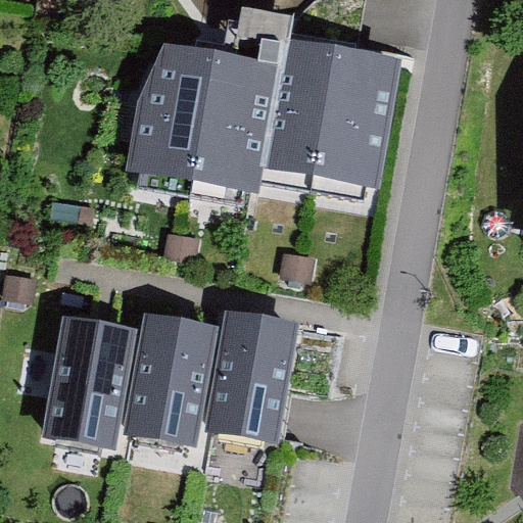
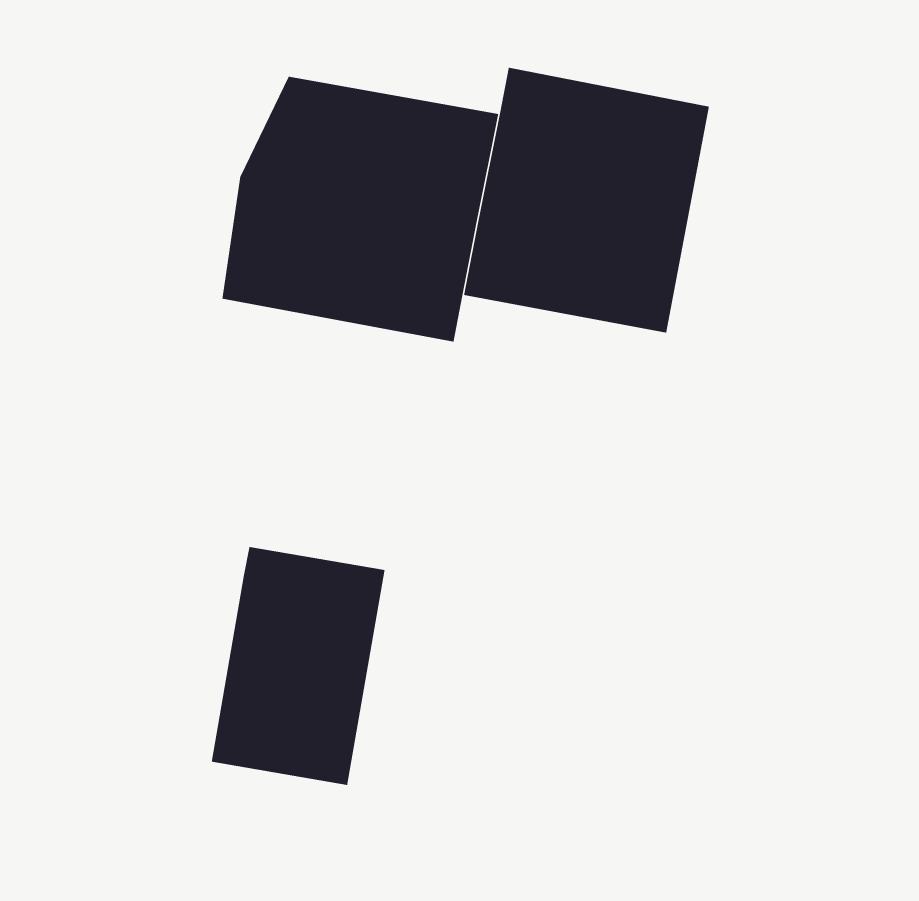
building: [200,310,299,441] -> none
building: [40,313,138,448] -> none

